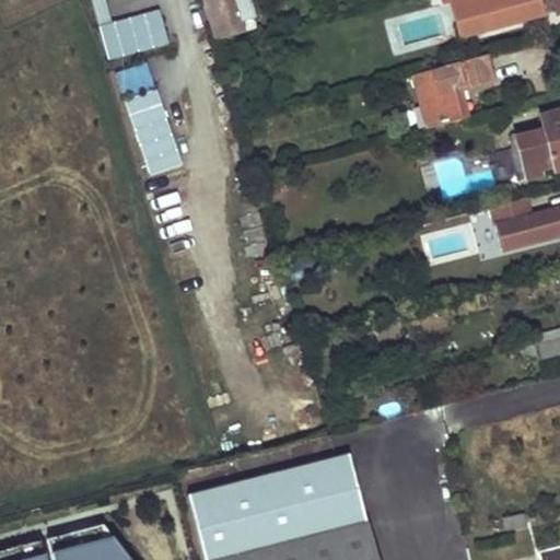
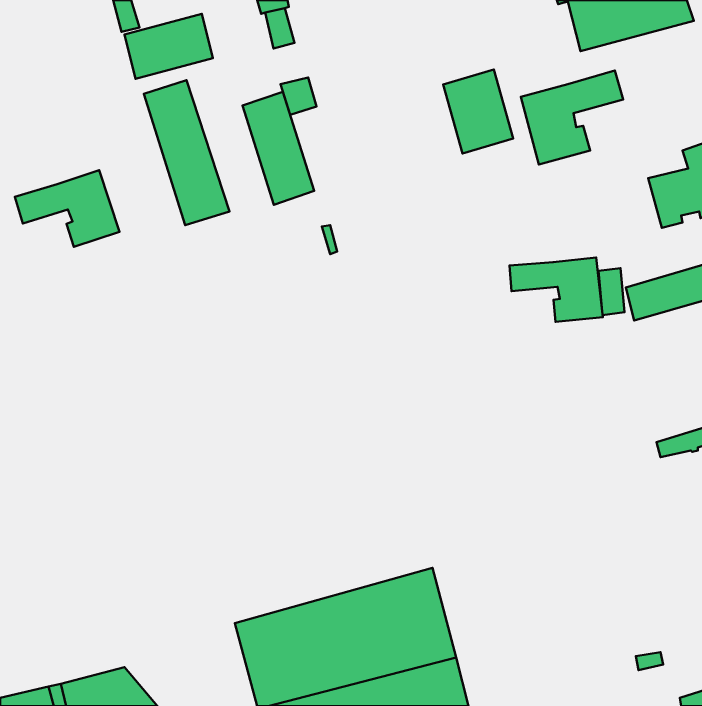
building: none -> [443,70,513,153]
building: none -> [242,92,314,205]
building: none -> [15,170,120,247]
building: none -> [509,257,603,322]

